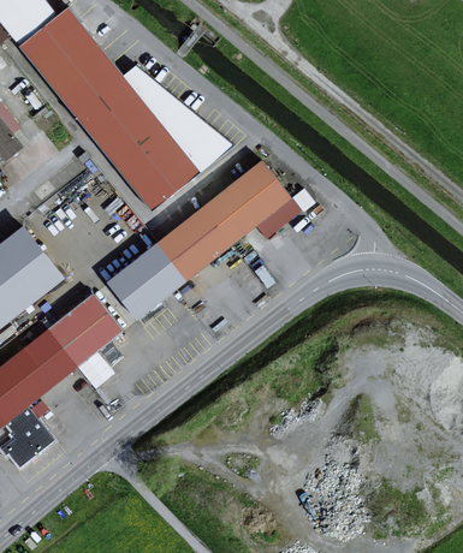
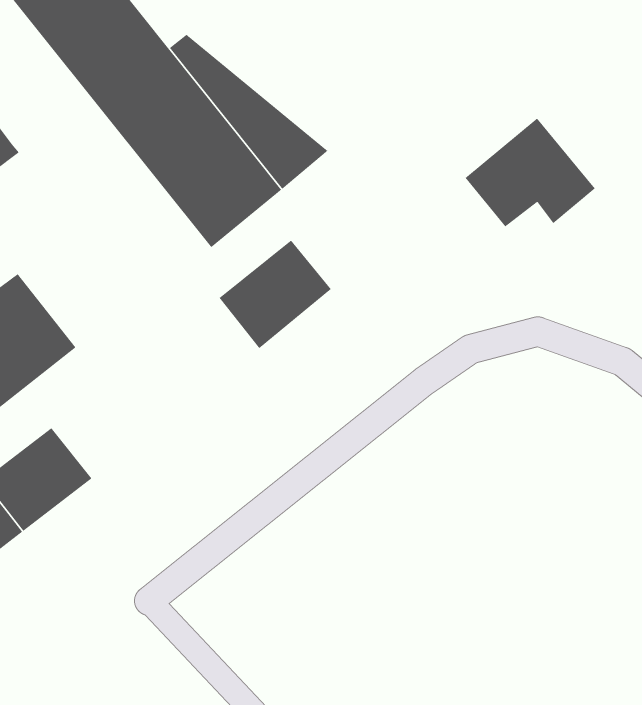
building: [207,165,296,239] -> [465,118,596,228]
building: [108,245,185,320] -> none
building: [44,297,118,368] -> none

